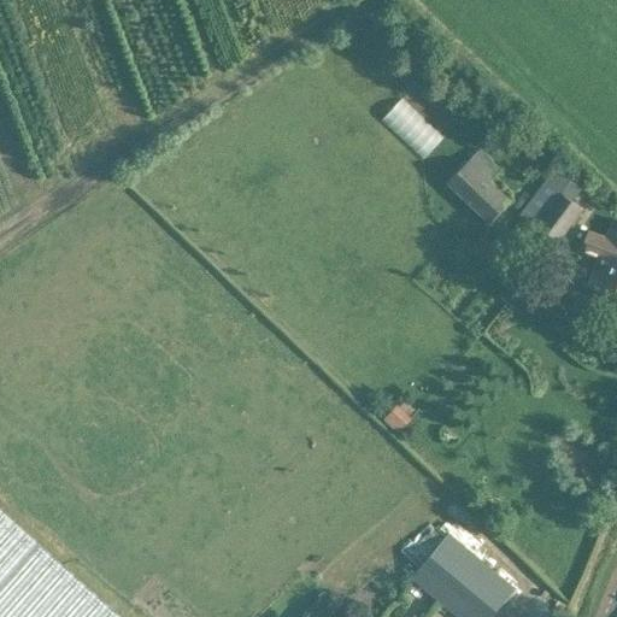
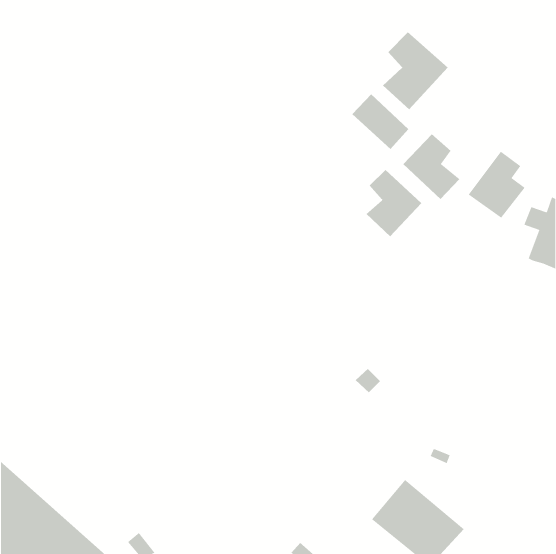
building: none -> [382,31,448,110]
building: none -> [366,169,422,237]

